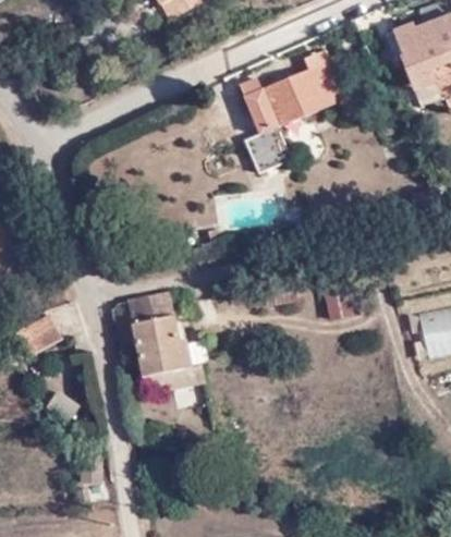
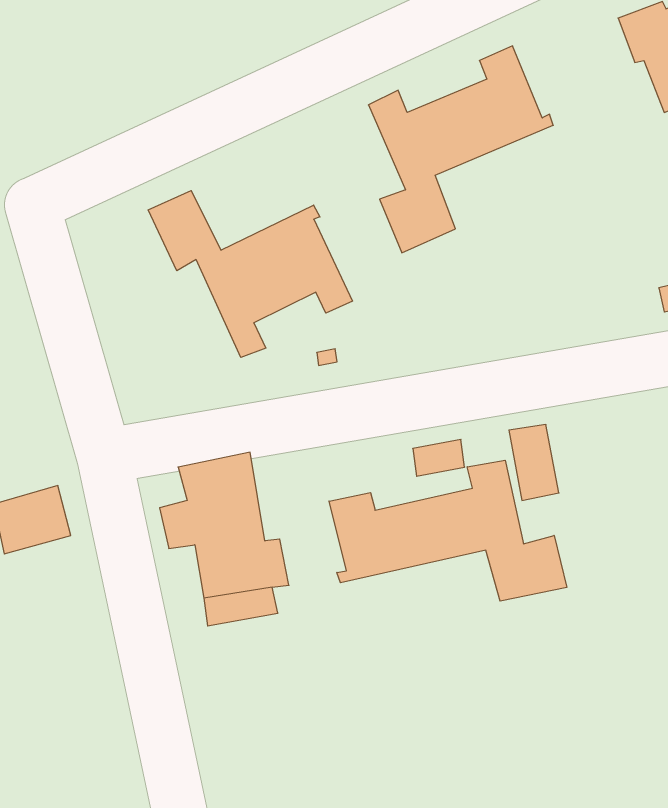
building: none -> [148,191,353,357]
building: none -> [329,460,567,601]

